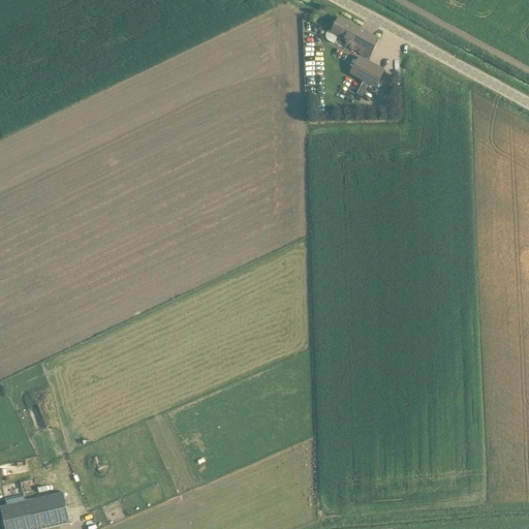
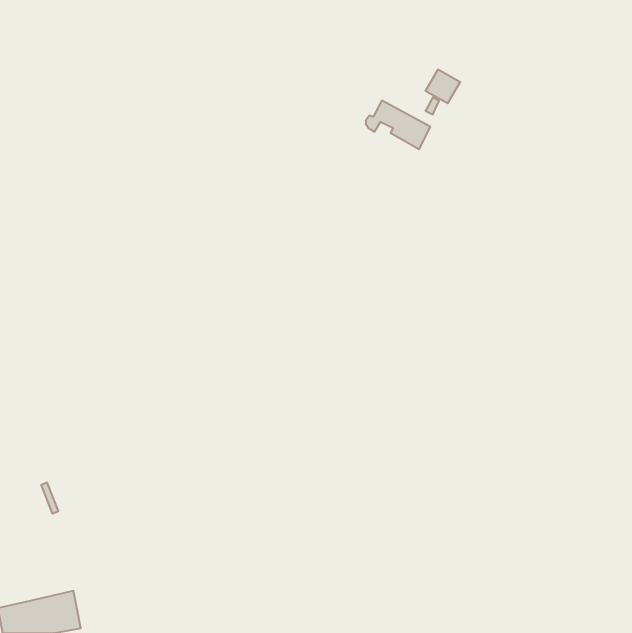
building: [322,17,376,57] -> [366,101,430,149]

